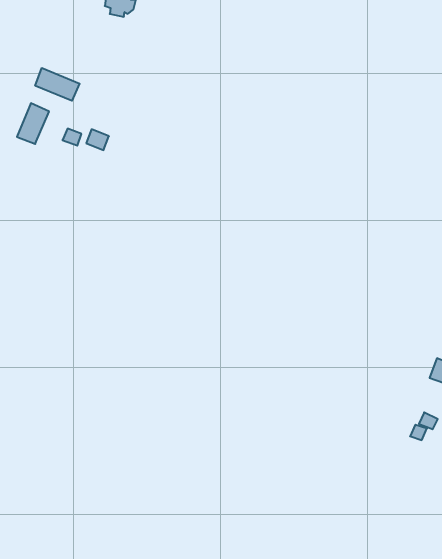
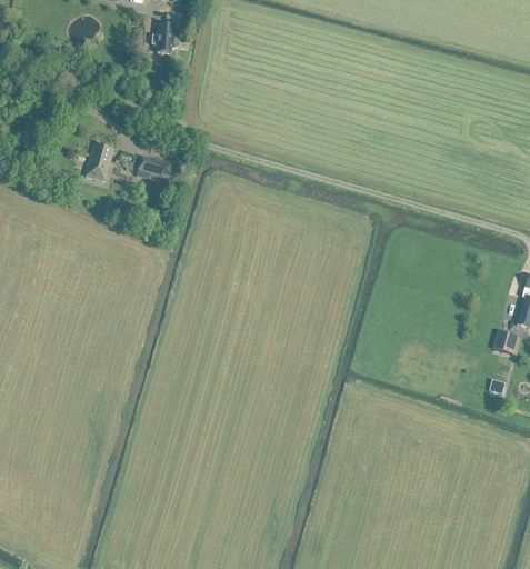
building: [35,68,80,101] -> none

